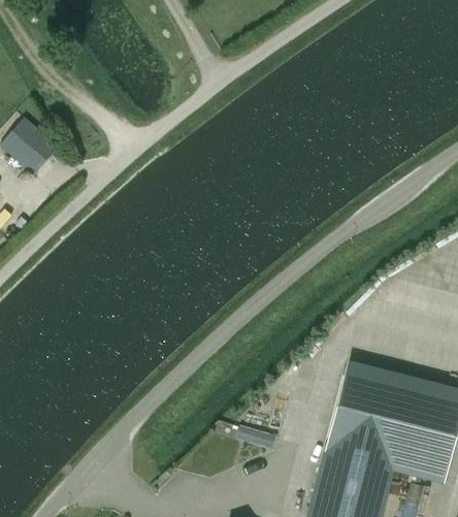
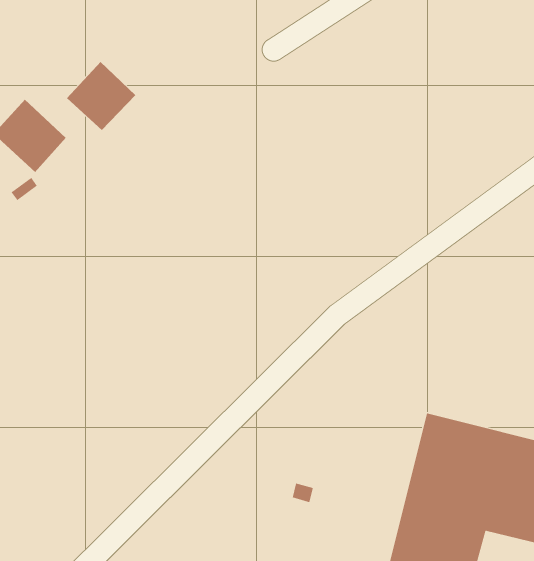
building: none -> [66,61,136,131]

